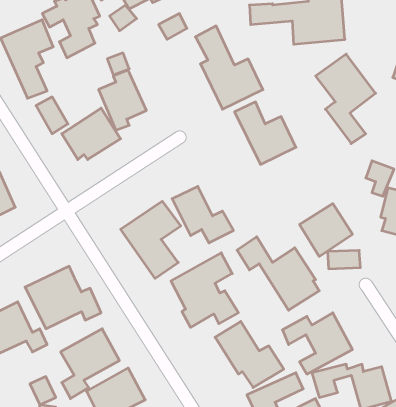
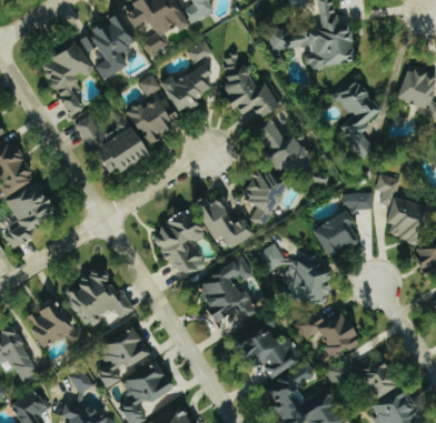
building: none -> [161,63,211,113]
building: none -> [241,169,286,228]
building: [327,250,360,269] -> [341,193,371,210]

